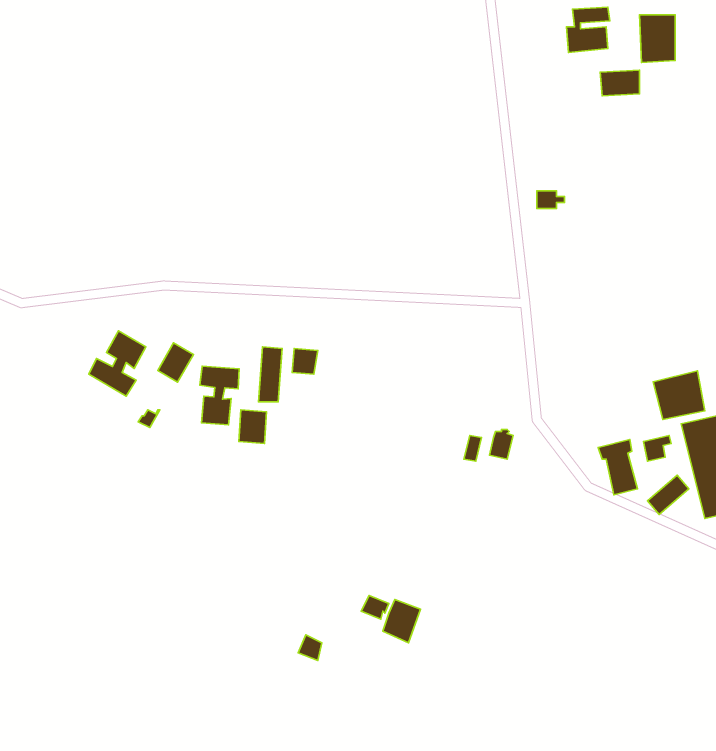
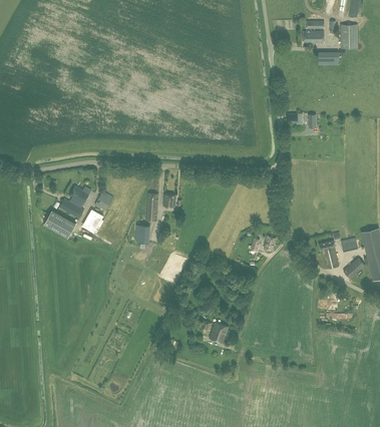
building: [200,366,239,425] -> none
building: [653,371,705,420] -> none
building: none -> [43,209,75,238]

